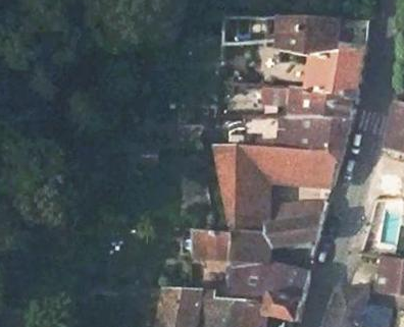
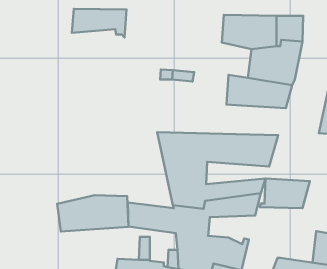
building: [220,17,281,49] -> [72,9,126,37]
building: [294,118,349,151] -> [260,178,310,208]
building: none -> [57,195,129,232]

